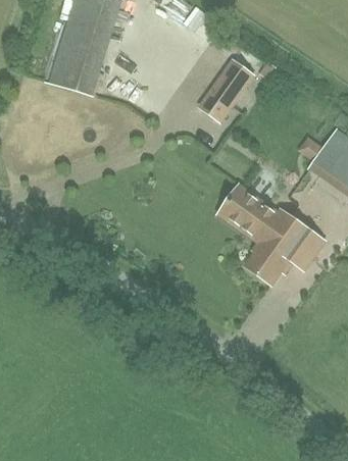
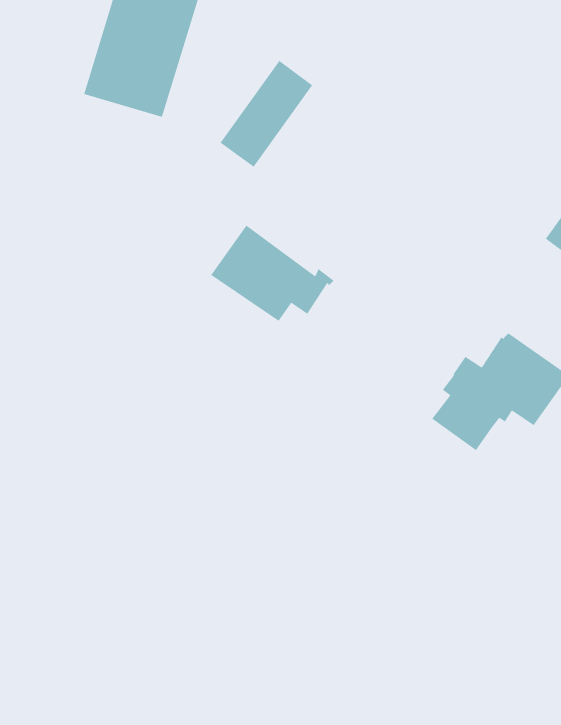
building: [200,60,253,121] -> [220,60,313,168]
building: [219,185,290,240] -> [210,225,335,322]

